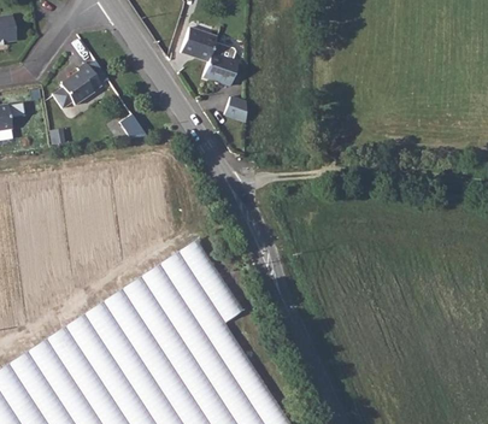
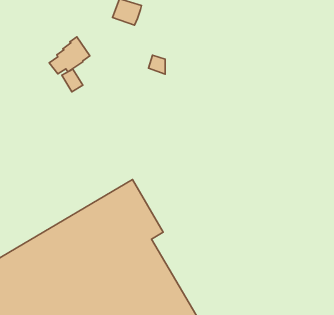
building: [202,41,237,84] -> none
building: [51,63,100,107] -> [49,37,90,74]

